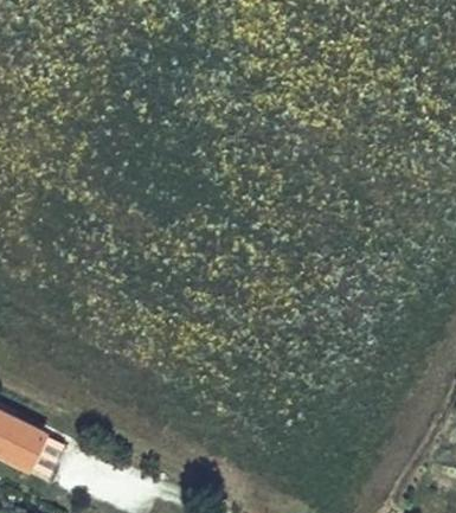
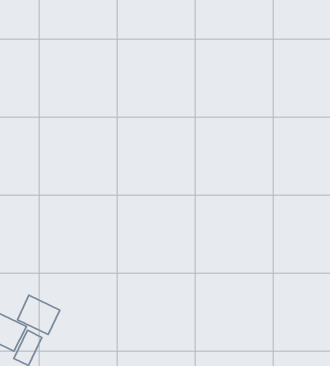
building: none -> [18,295,60,334]

